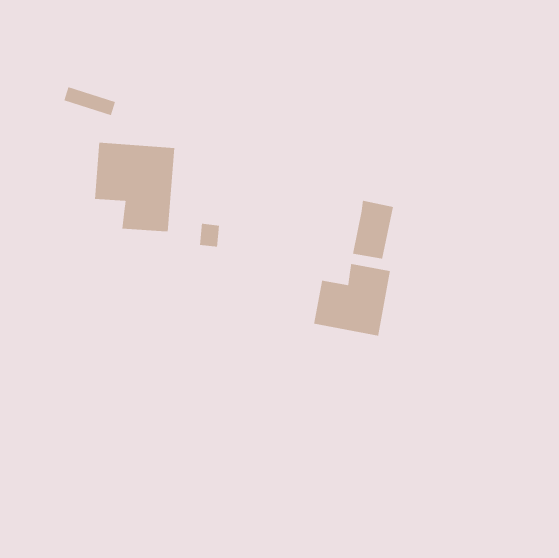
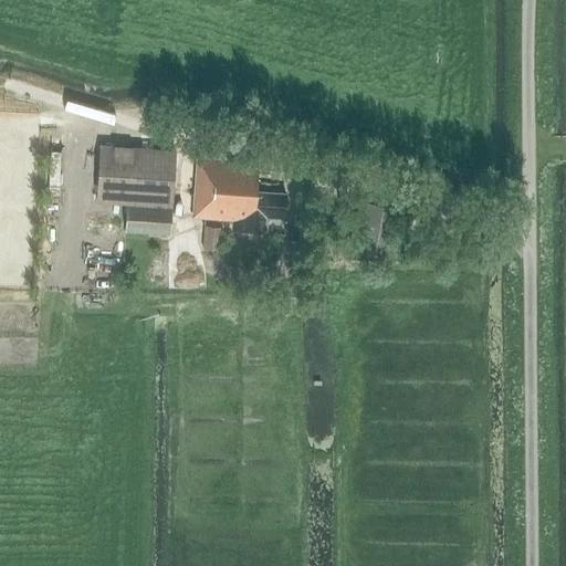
building: none -> [191,146,285,239]
building: [314,263,390,336] -> none

